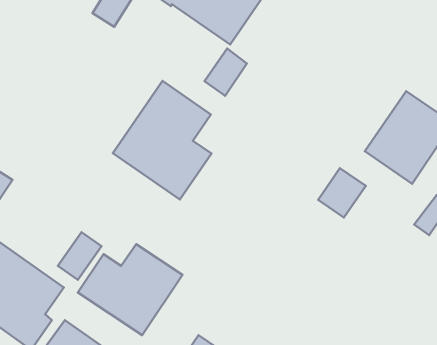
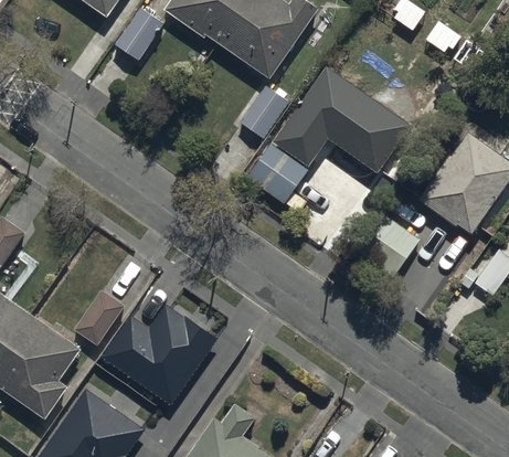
building: none -> [246,70,410,205]
building: [113,81,212,200] -> none

